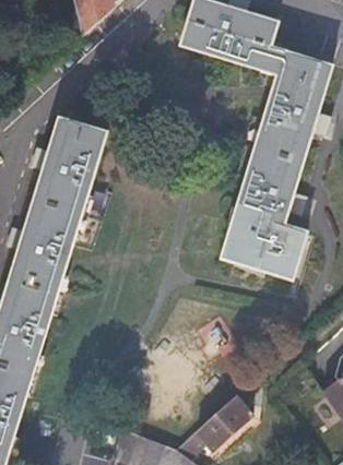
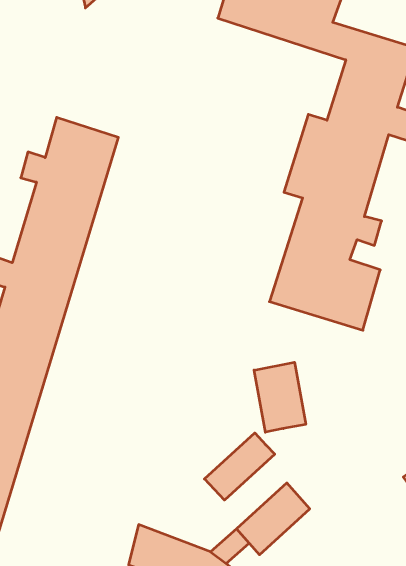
building: none -> [254,362,306,432]
building: none -> [204,433,275,500]

